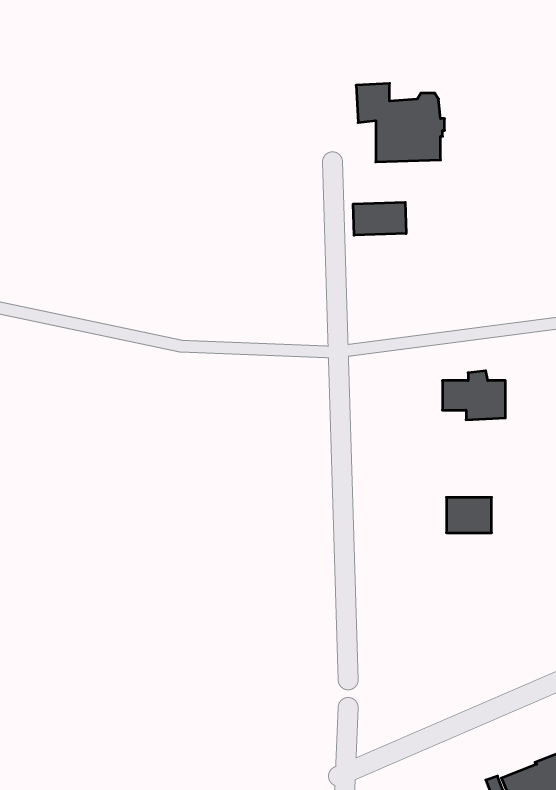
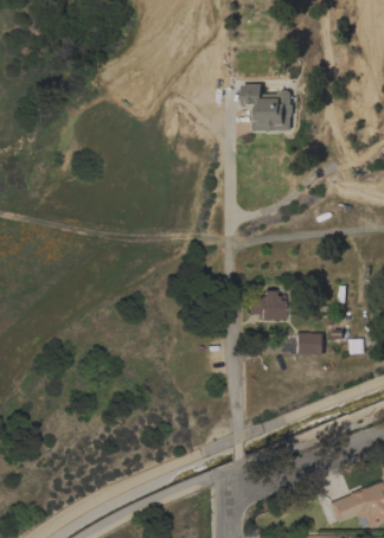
building: [353,202,406,235] -> none
building: [442,371,505,420] -> [249,290,287,320]

